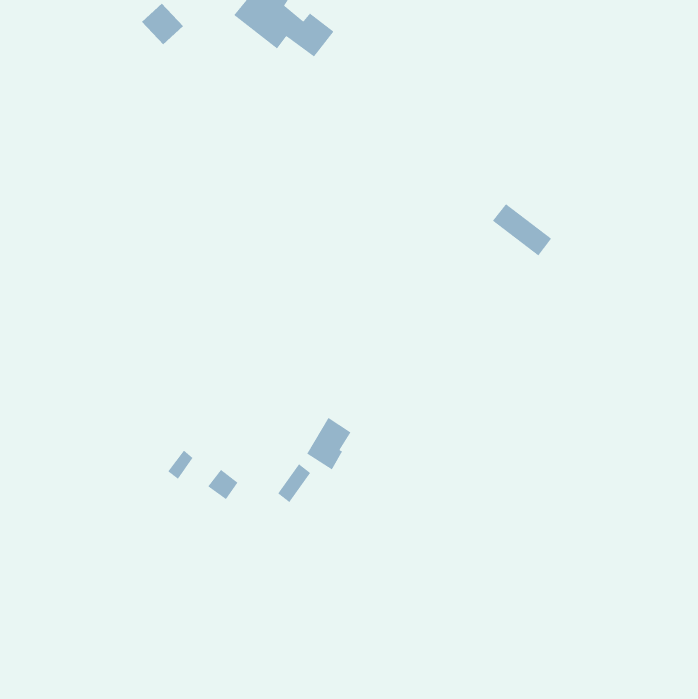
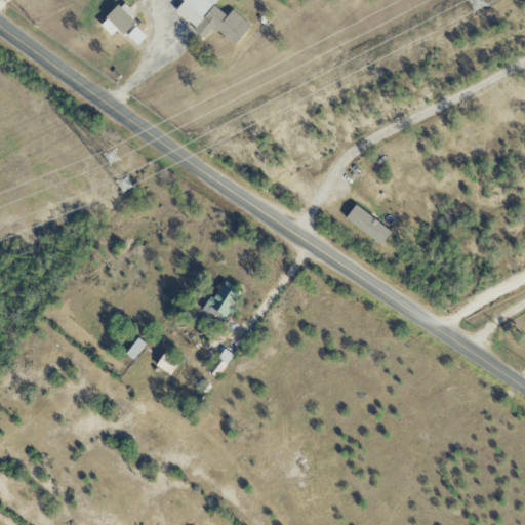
building: [492,203,552,256] -> [346,203,391,243]
building: [306,417,351,470] -> [204,281,238,321]

